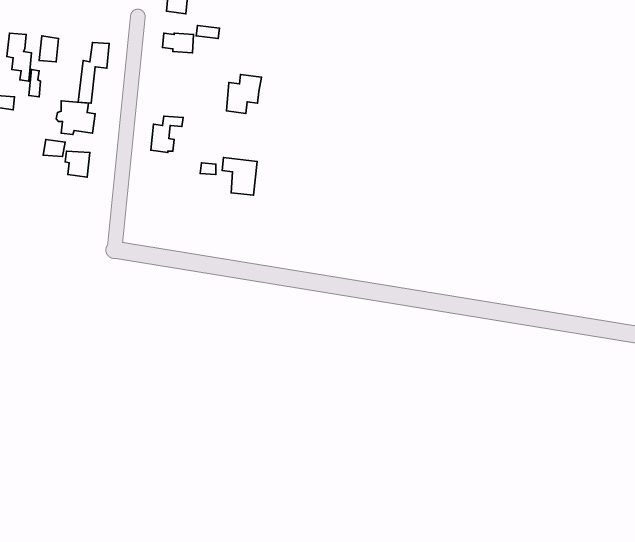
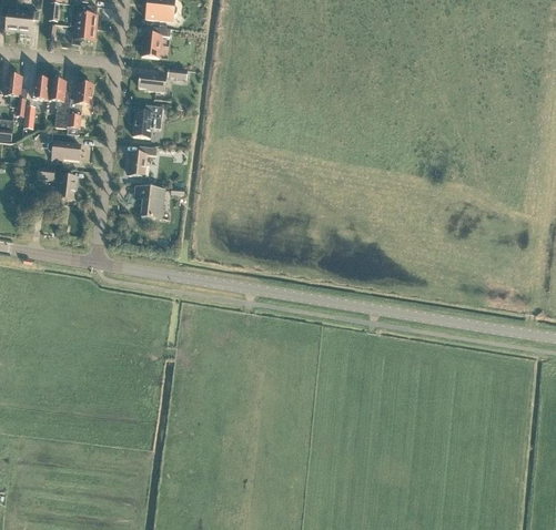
building: none -> [50,79,71,128]
building: [226,75,261,114] -> [134,104,164,137]
building: [222,158,257,195] -> [135,186,165,218]

